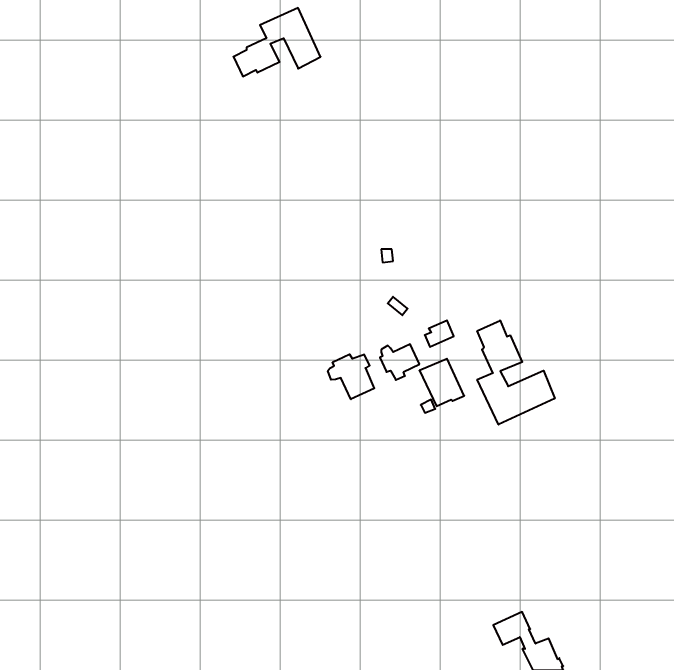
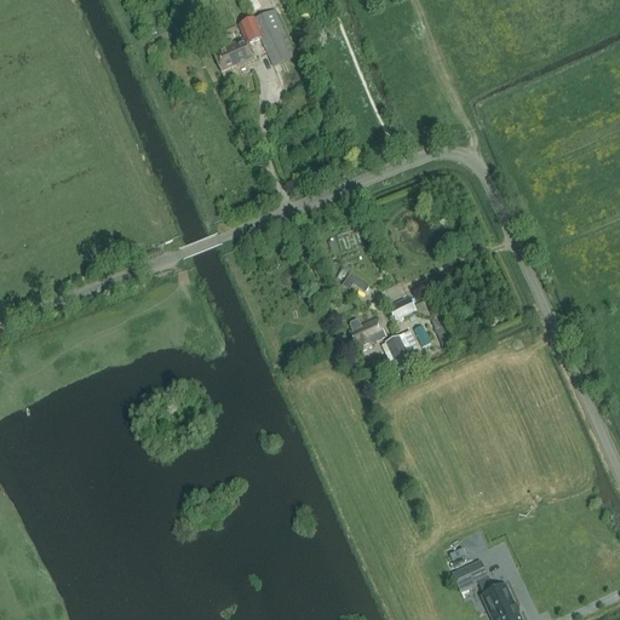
building: [477,320,555,425] -> none
building: [328,354,374,399] -> none

